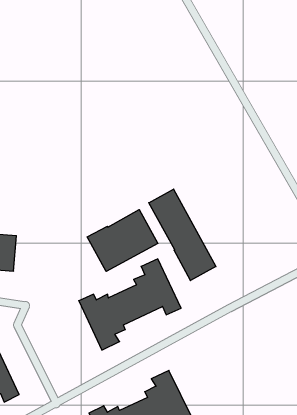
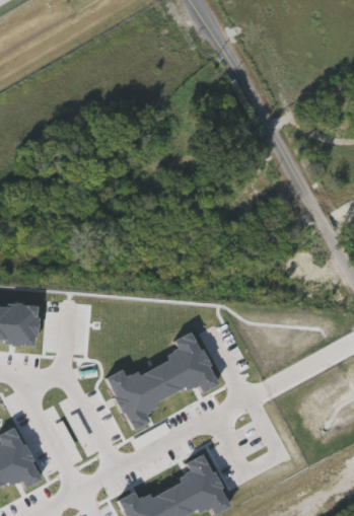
building: [149,189,216,281] -> none
building: [87,210,158,271] -> none

